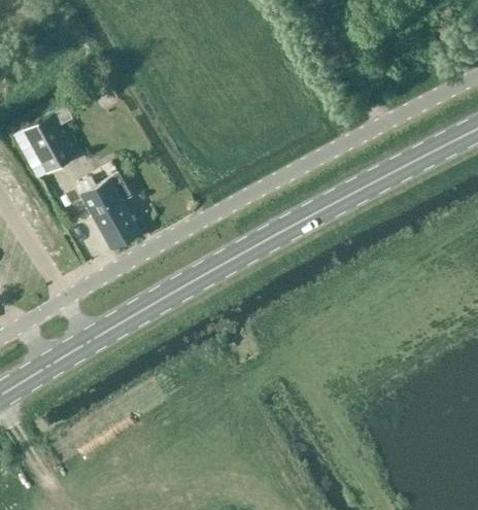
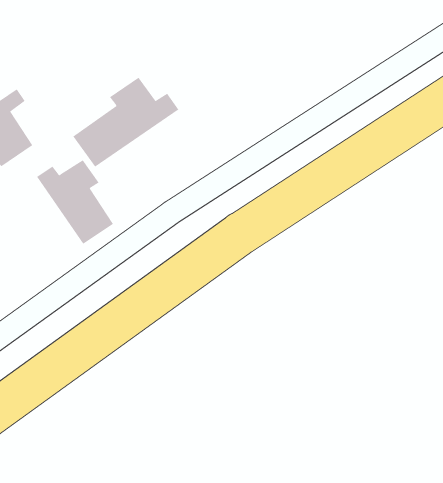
building: none -> [73,77,179,167]

